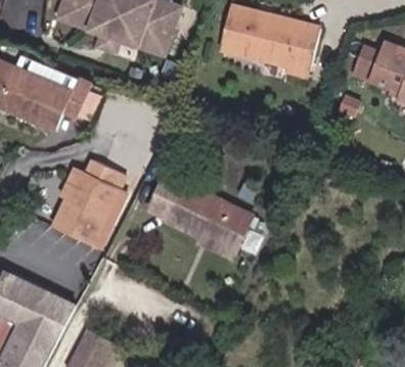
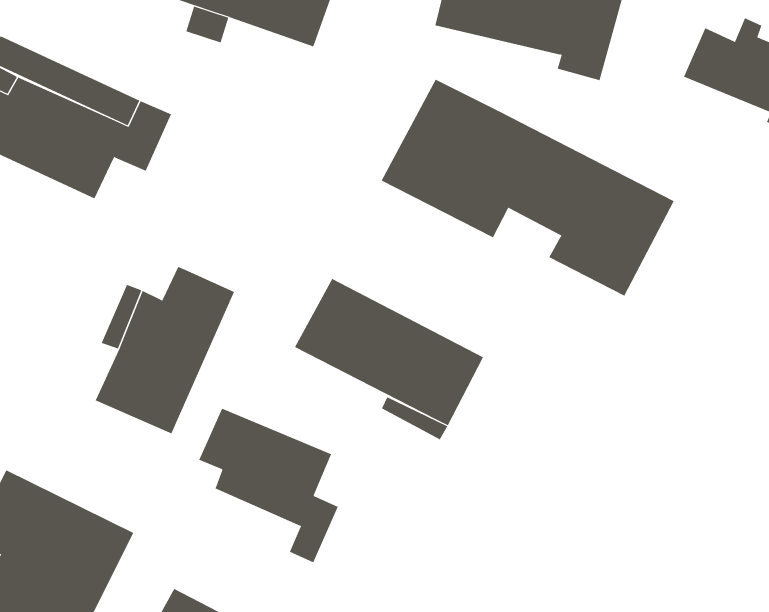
building: none -> [381,79,674,296]
building: none -> [198,408,338,563]

